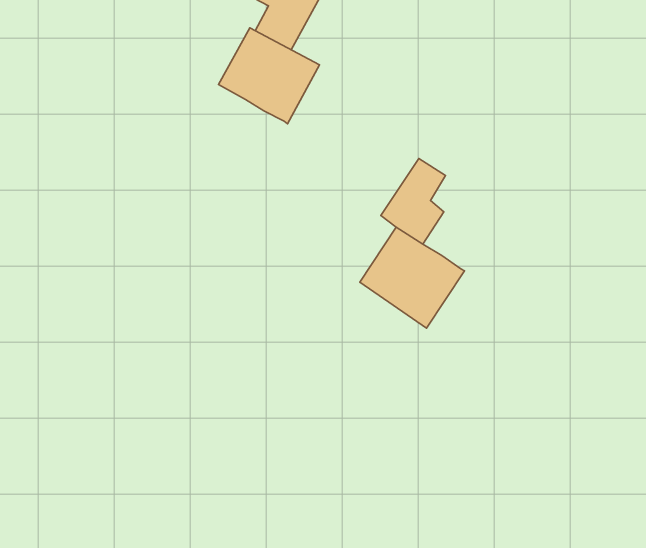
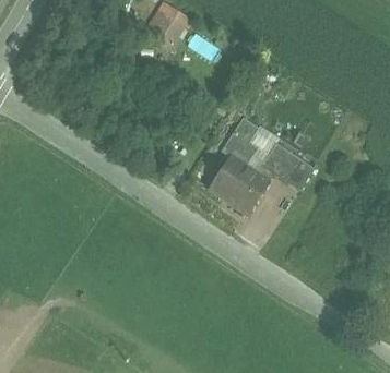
building: [219,28,320,124] -> none
building: none -> [257,143,314,189]

